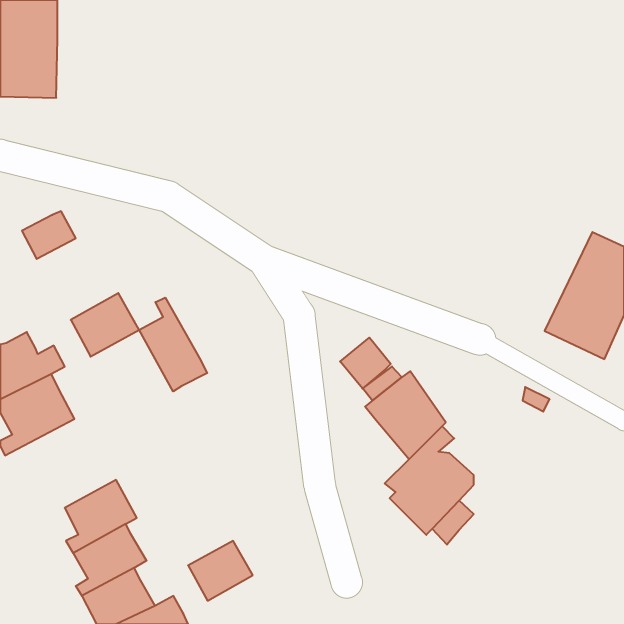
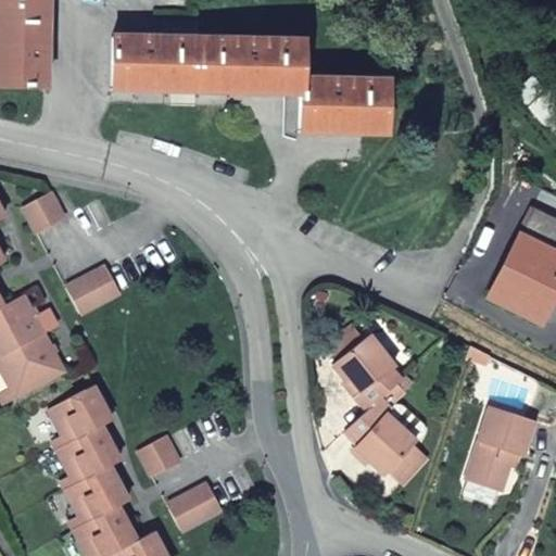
building: none -> [114,36,386,131]
building: [139,298,207,391] -> none
building: [340,338,391,389] -> none
building: none -> [49,386,112,452]
building: none -> [463,405,536,492]
building: none -> [138,432,186,477]

